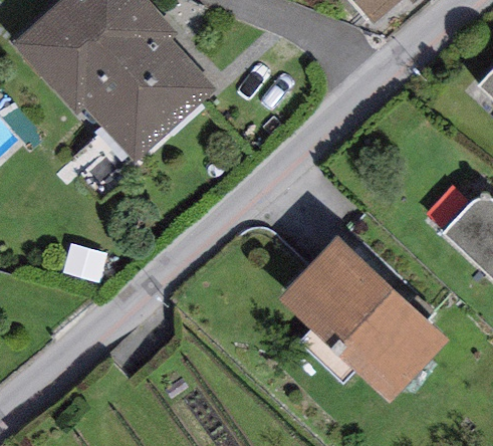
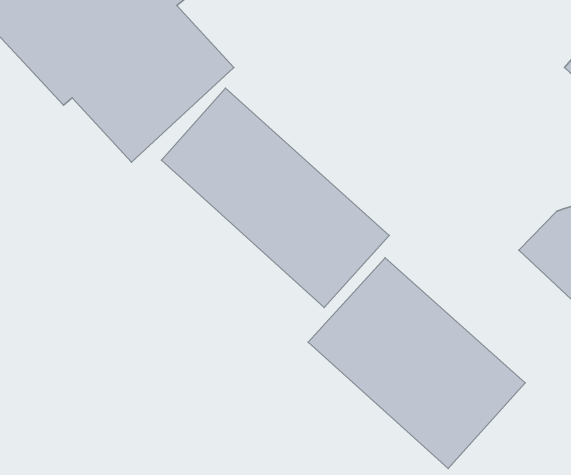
building: none -> [162,88,389,307]

